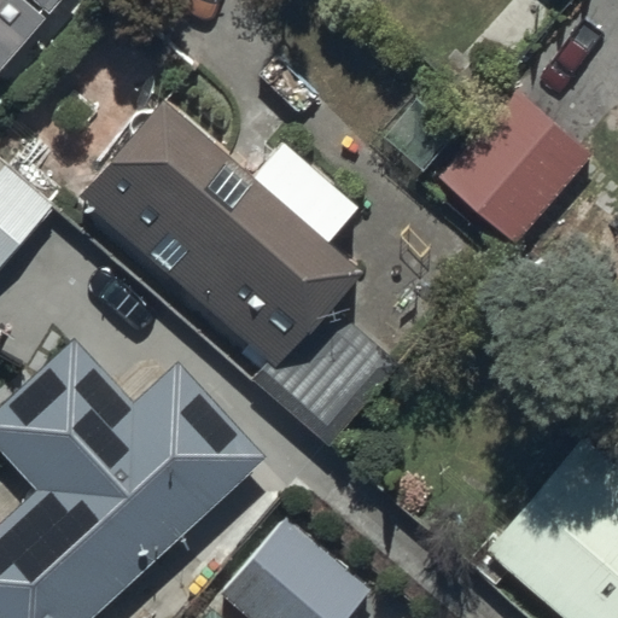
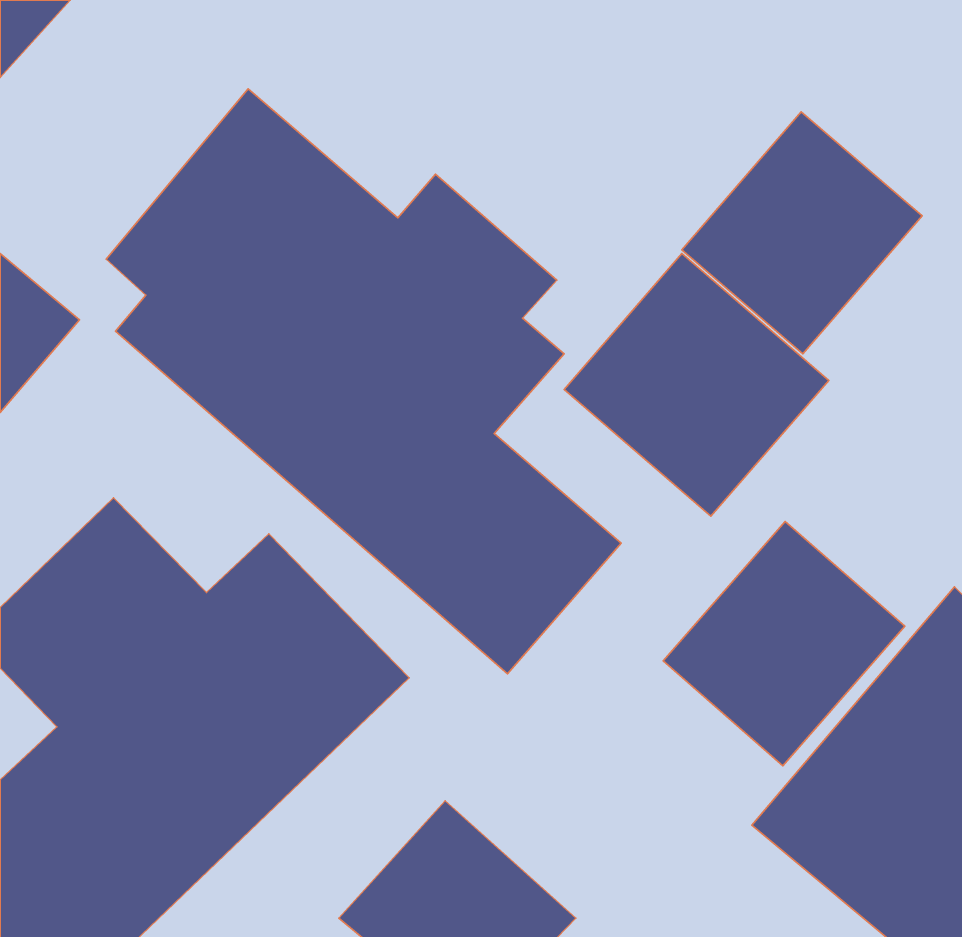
building: none -> [564,254,829,516]
building: none -> [663,521,905,766]

